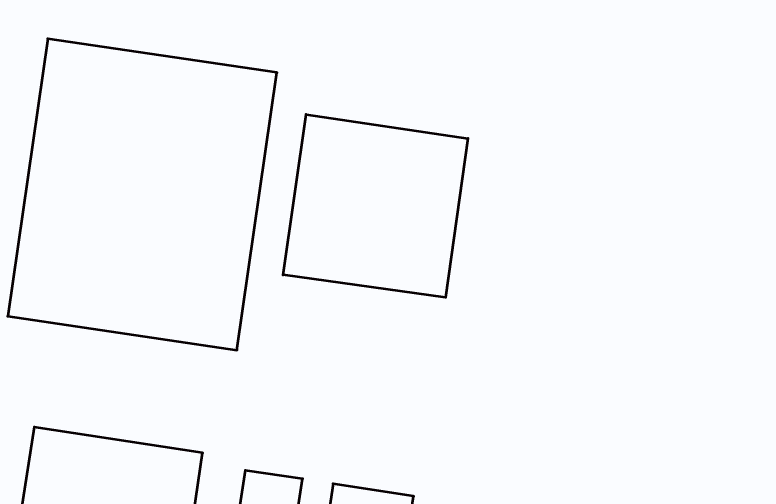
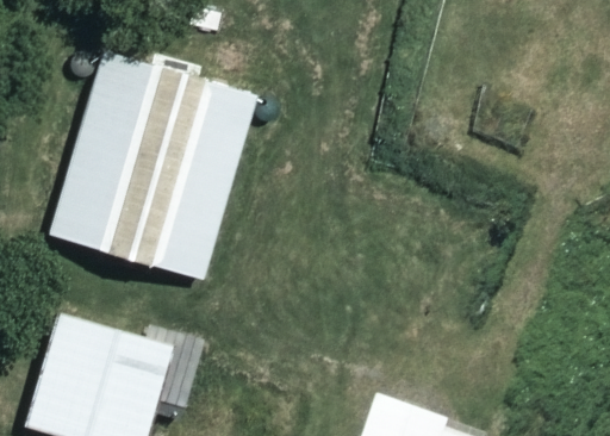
building: [283,114,468,297] -> none

